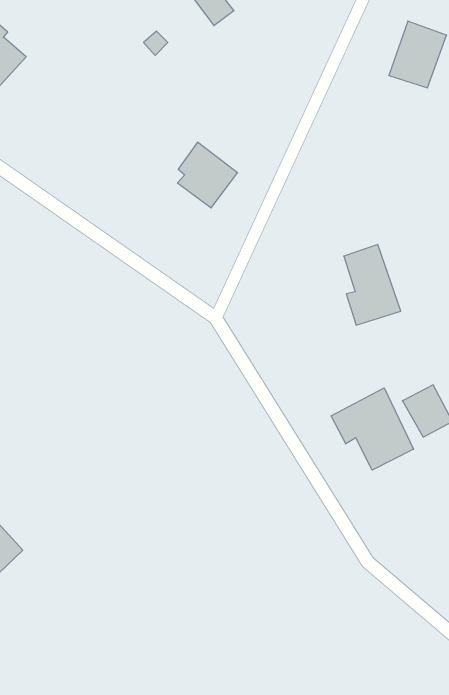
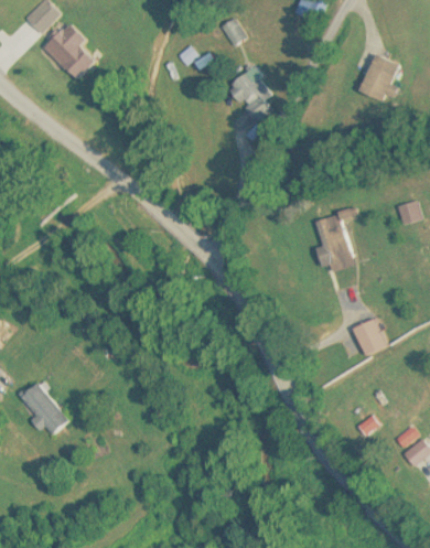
building: [178,142,238,208] -> [232,67,276,116]
building: [331,388,414,470] -> none

